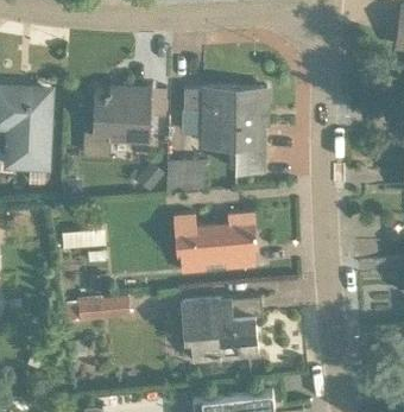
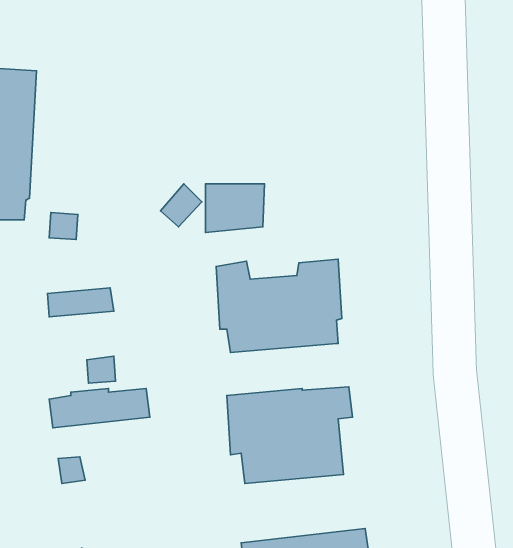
building: [83,84,166,157] -> none
building: [182,88,267,170] -> none

